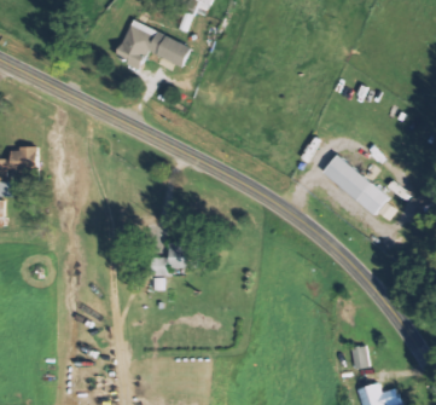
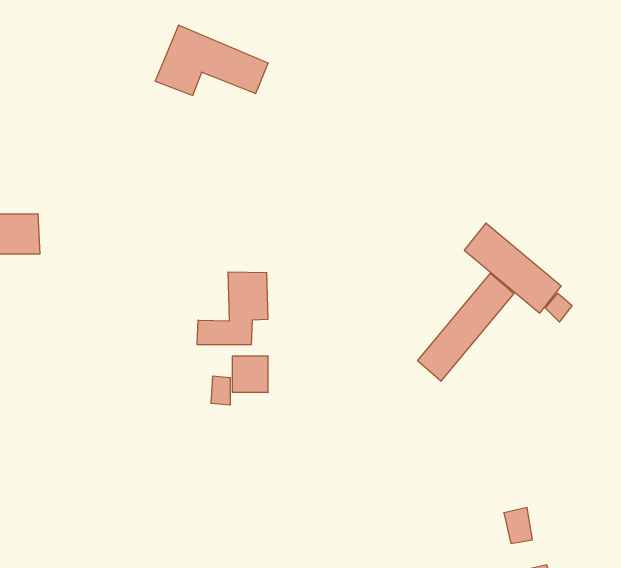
building: none -> [197,272,268,345]
building: none -> [418,273,514,381]

